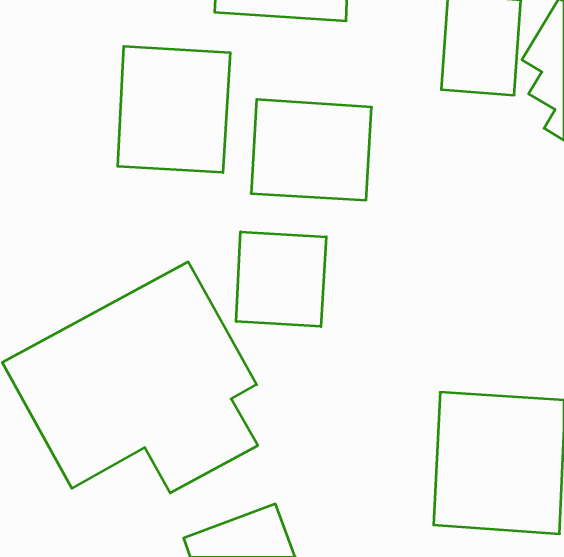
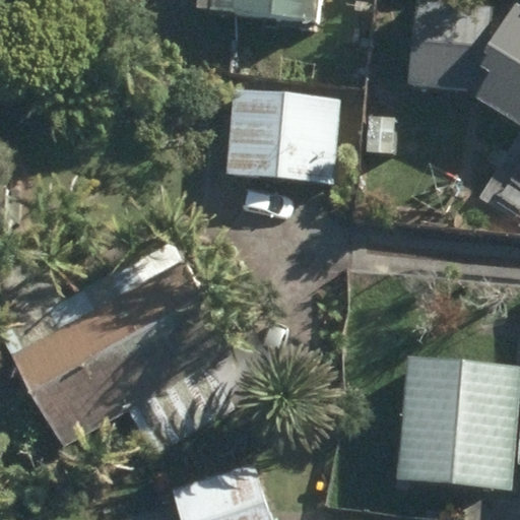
building: [118,46,230,173] -> none
building: [236,232,326,327] -> none

